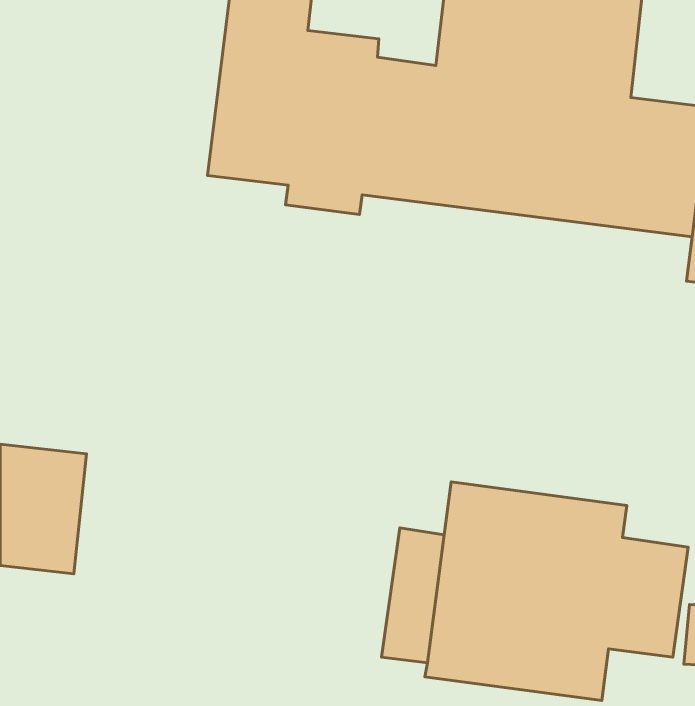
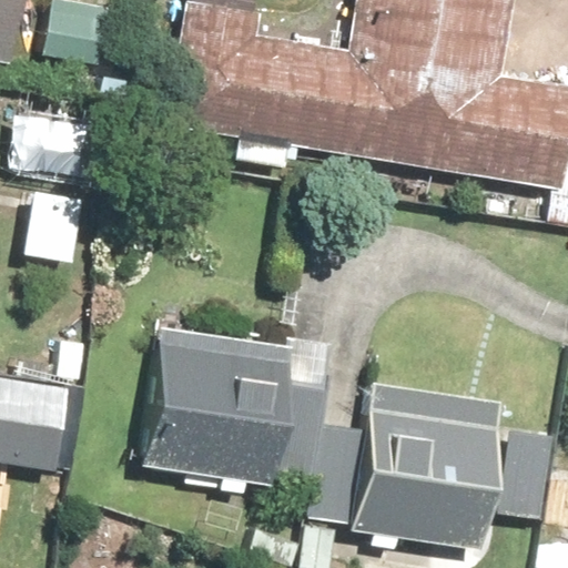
building: none -> [134,308,287,476]

